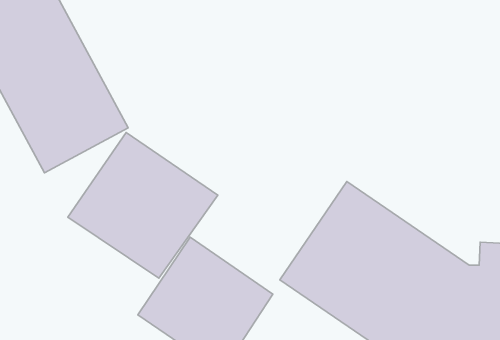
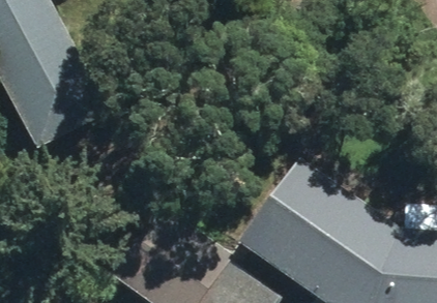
building: [68,133,218,278] -> none

